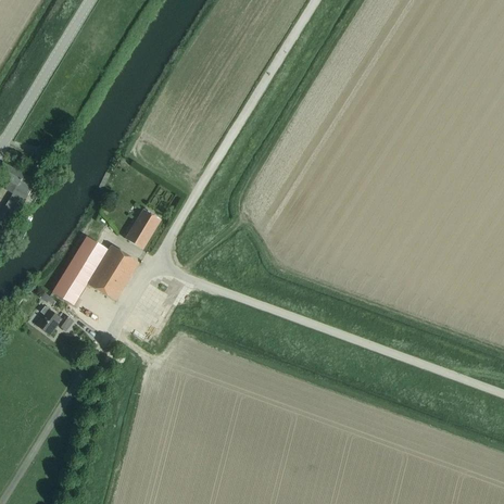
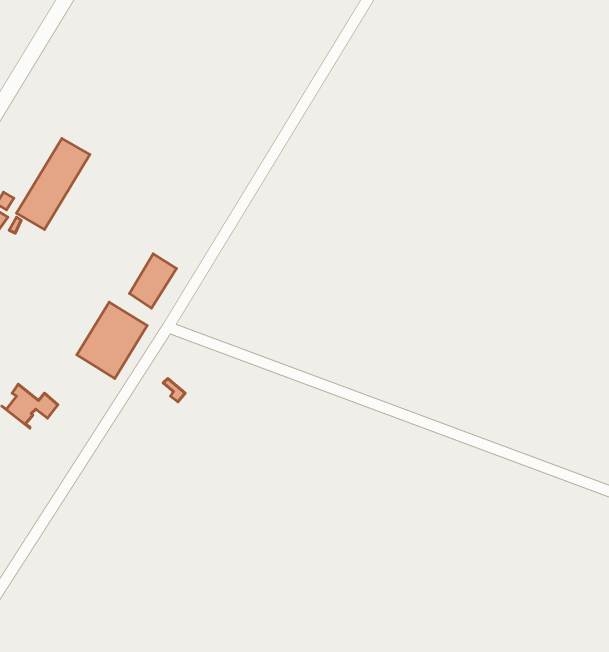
building: [51,236,105,303] -> [16,139,90,229]

